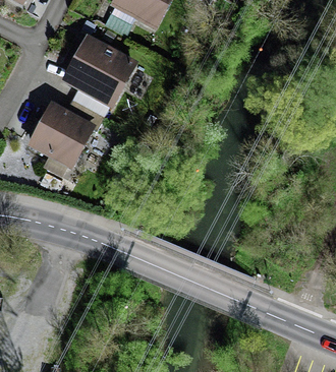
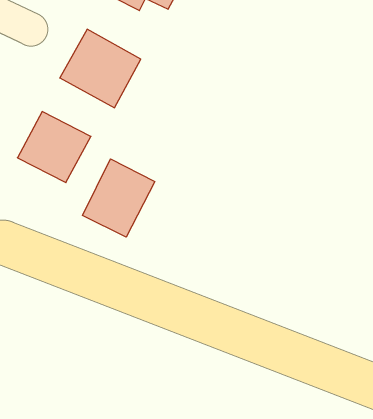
building: none -> [82,159,155,237]

